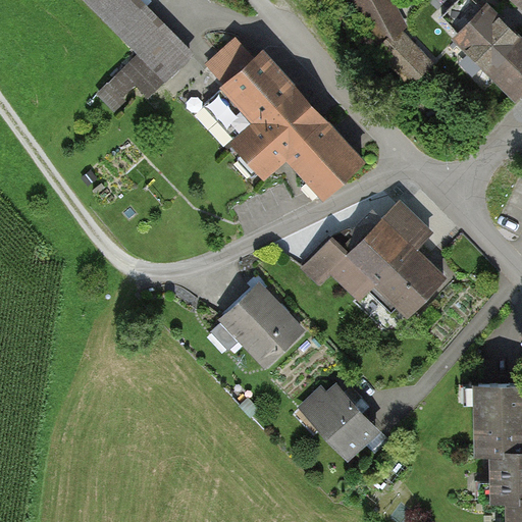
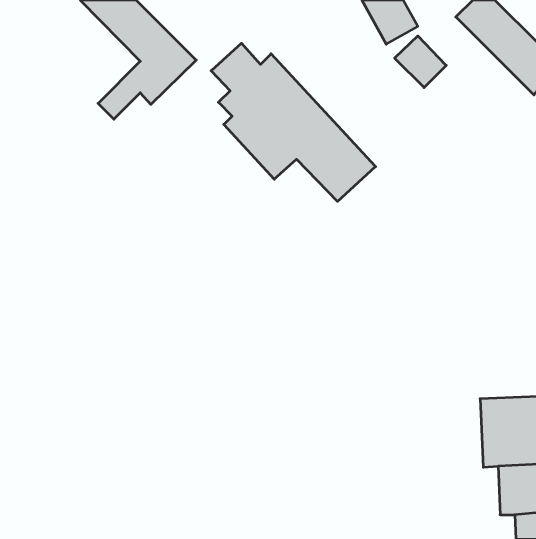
building: [299,197,445,329] -> none
building: [216,280,308,371] -> none
building: [301,382,381,464] -> none

